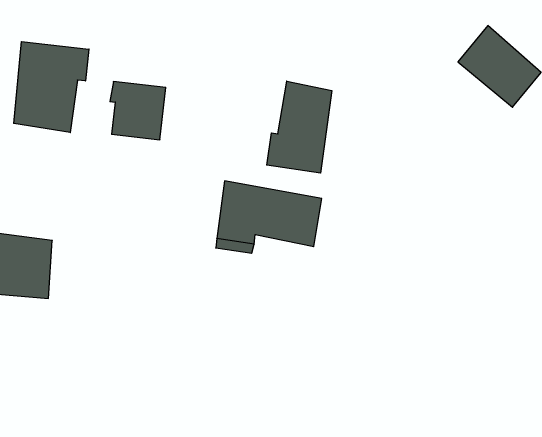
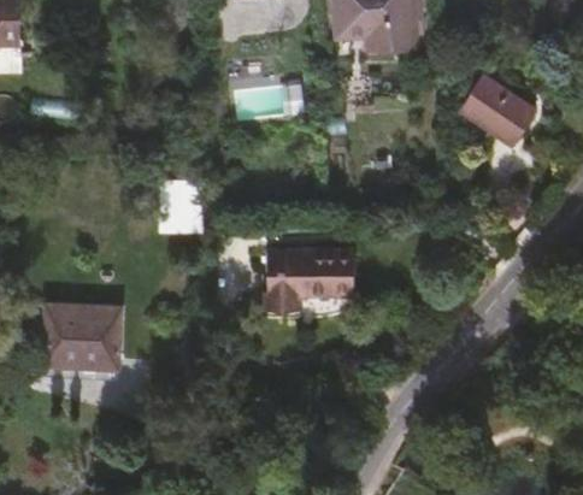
building: [14,42,89,133] -> none
building: [267,81,332,173] -> none

